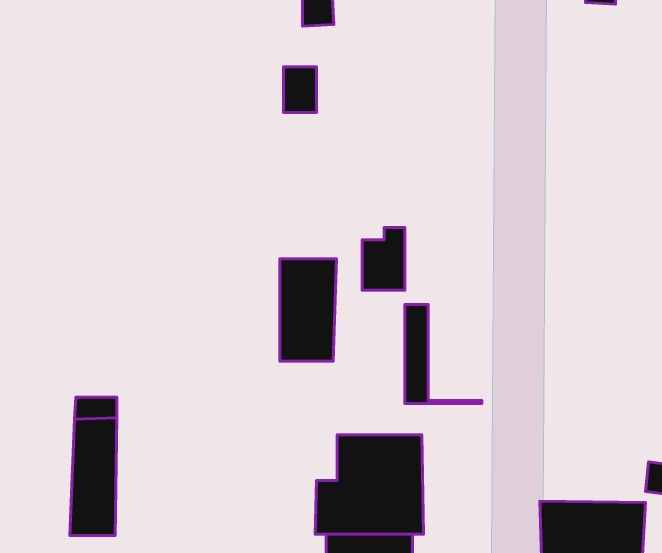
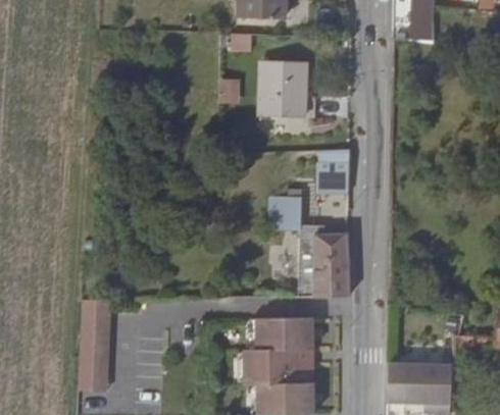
building: none -> [263,61,313,117]
building: none -> [322,162,351,195]
building: [280,259,336,361] -> [313,231,350,298]

